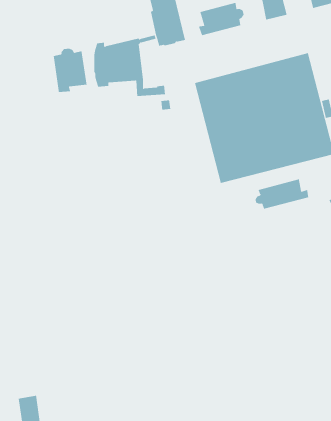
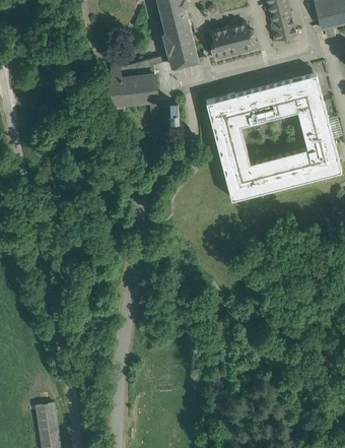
building: [53,48,87,93] -> none
building: [255,179,309,210] -> none

